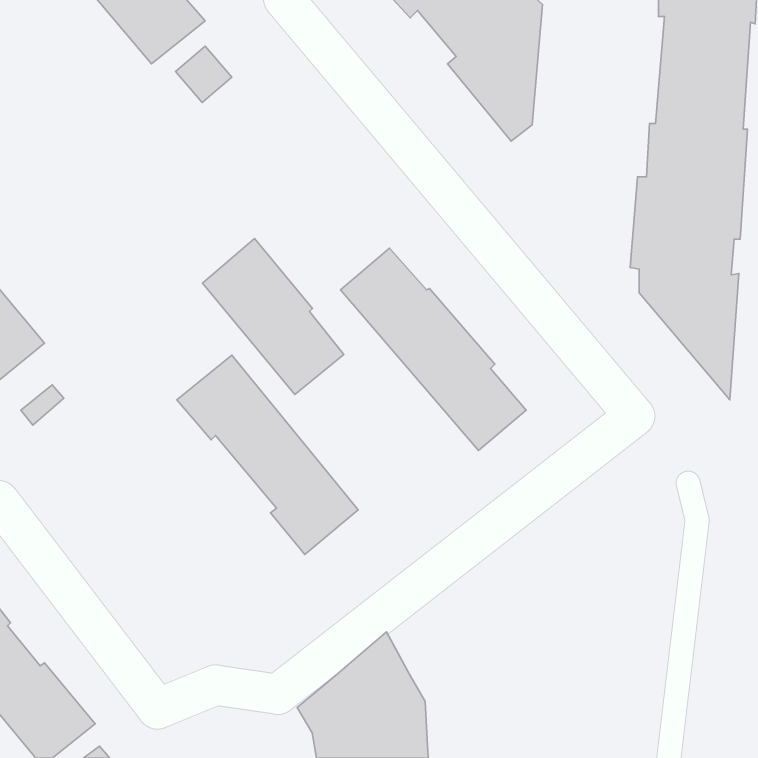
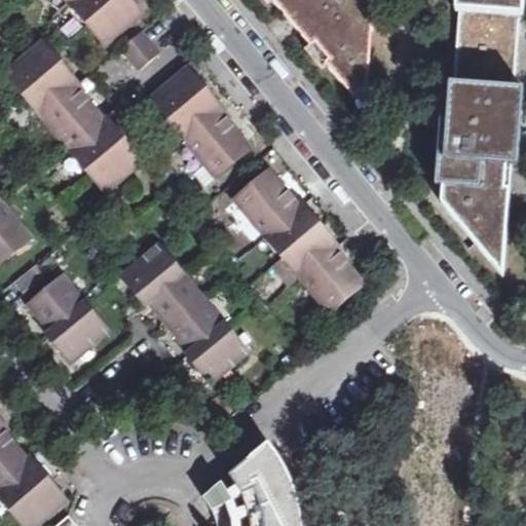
building: none -> [7,43,143,192]
building: [203,239,344,395] -> [152,69,250,177]
building: none -> [31,278,108,362]

